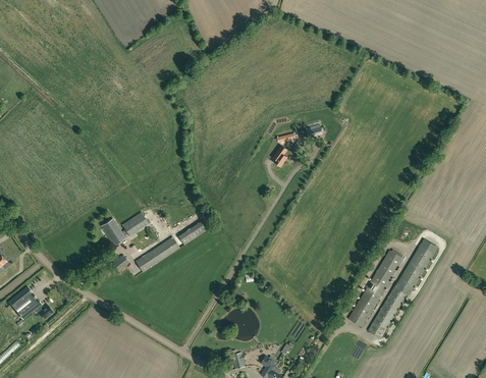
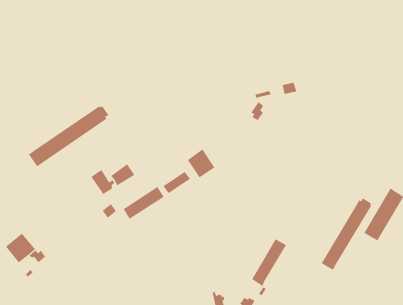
building: none -> [28,105,109,167]
building: none -> [187,148,215,178]
building: [369,286,407,338] -> [252,238,287,287]

